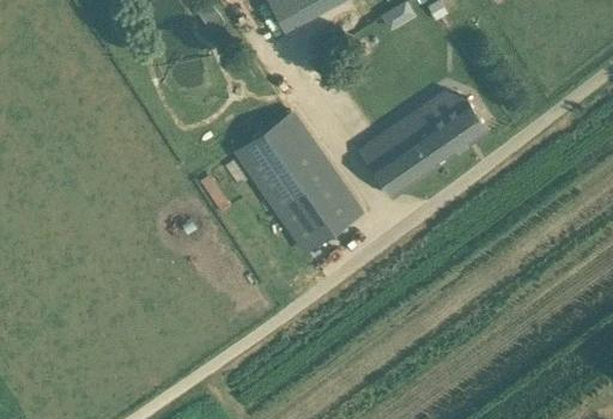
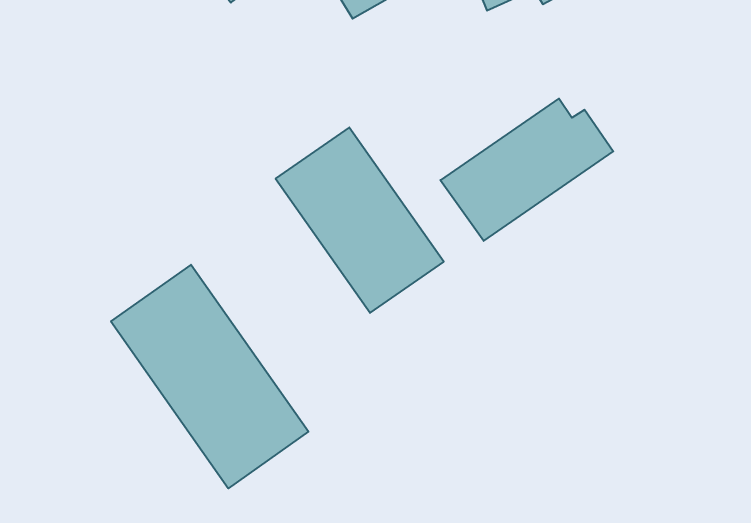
building: none -> [111,265,308,488]

